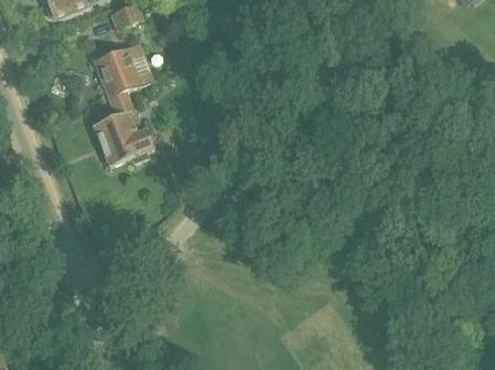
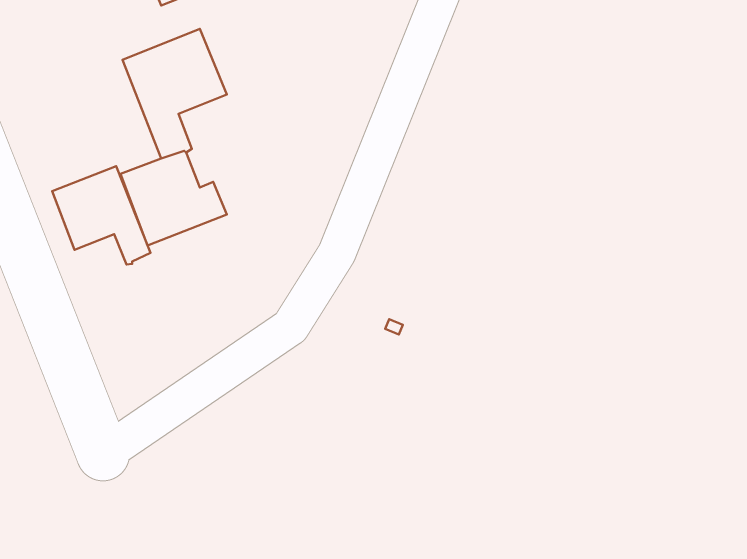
building: none -> [52,166,150,265]

